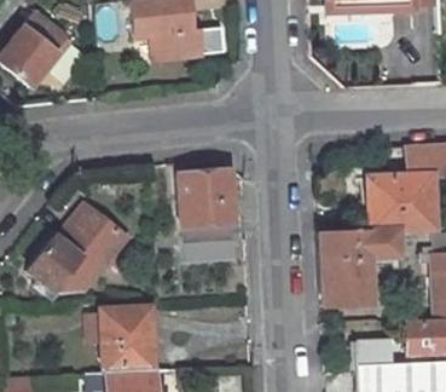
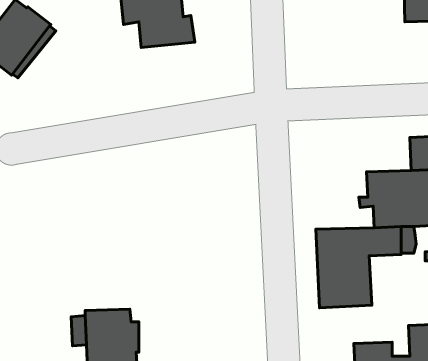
building: [178,169,236,261] -> none
building: [28,203,126,300] -> none

